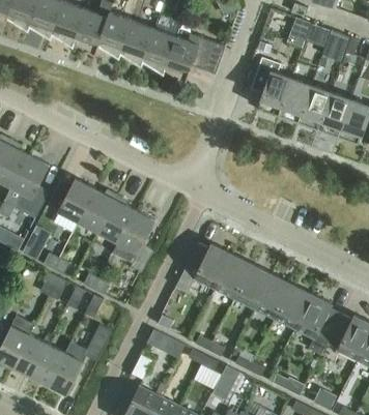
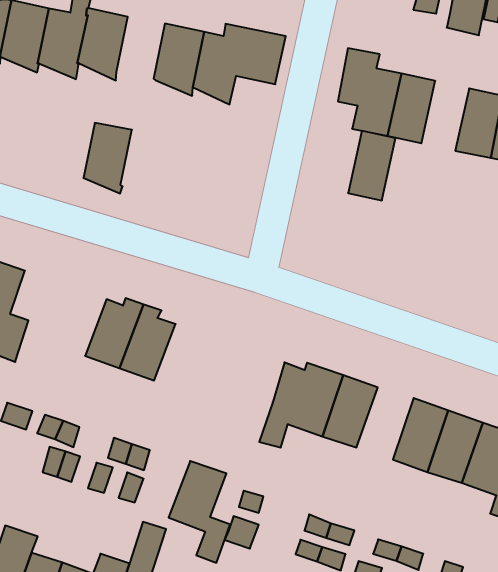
building: [120,21,153,65] -> [83,123,132,194]
building: [297,85,331,128] -> [348,131,396,200]
building: [57,178,95,220] -> none
building: [117,209,155,272] -> [169,461,230,563]
building: [233,264,272,308] -> none

